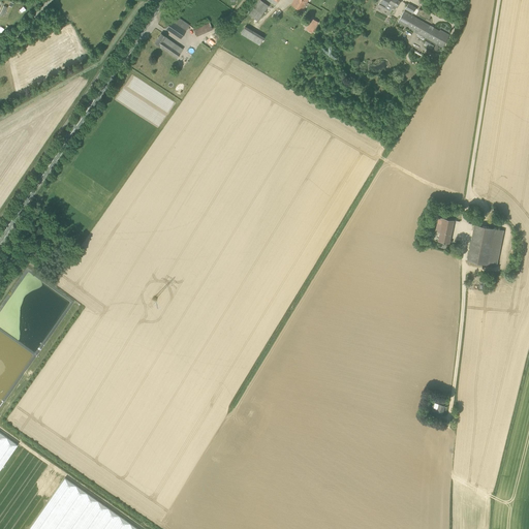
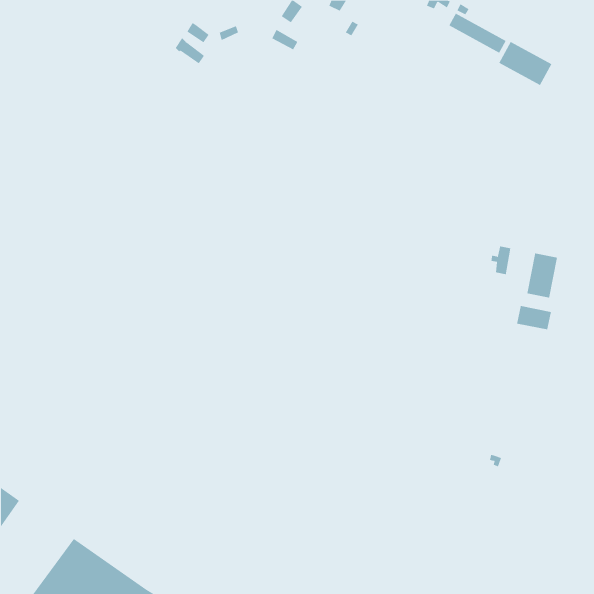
building: none -> [498,41,552,86]
building: none -> [517,305,551,330]

